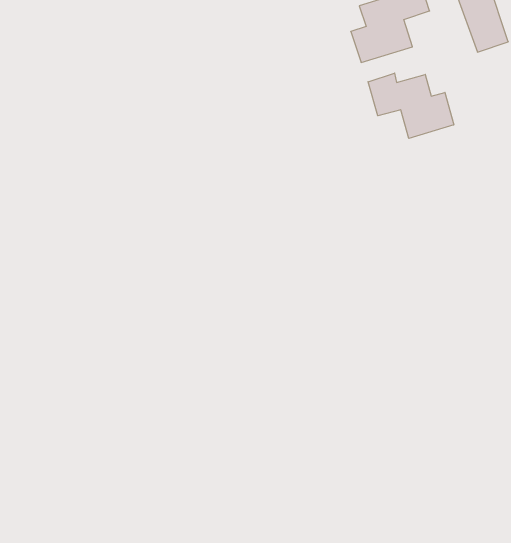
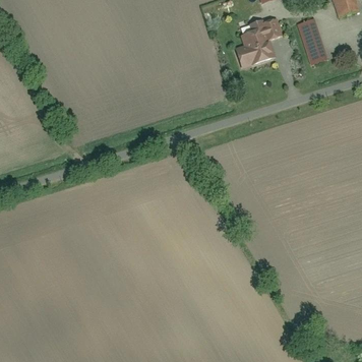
building: [368,73,454,138] -> none

